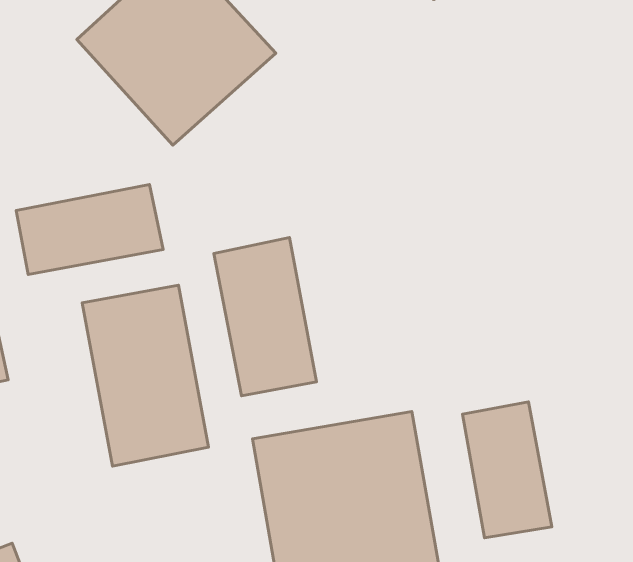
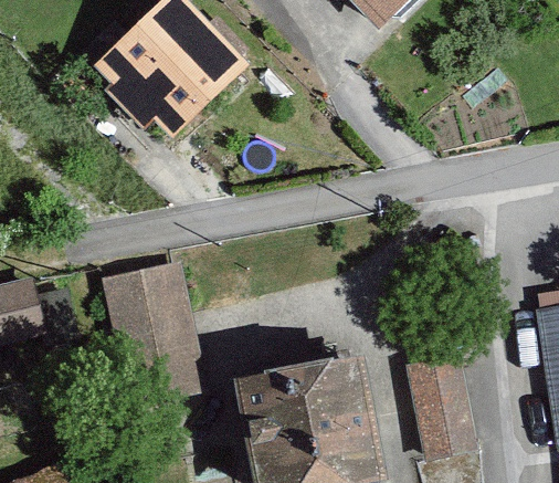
building: [16,185,163,275] -> none
building: [214,237,316,396] -> none

